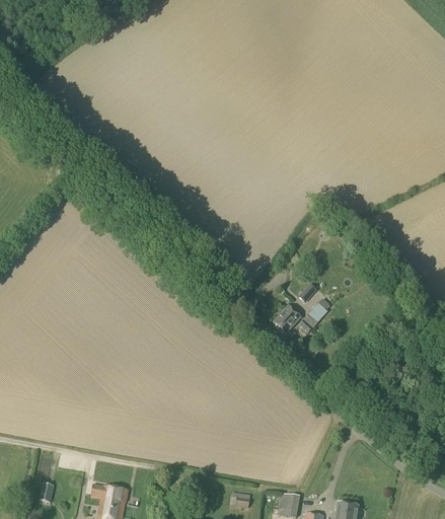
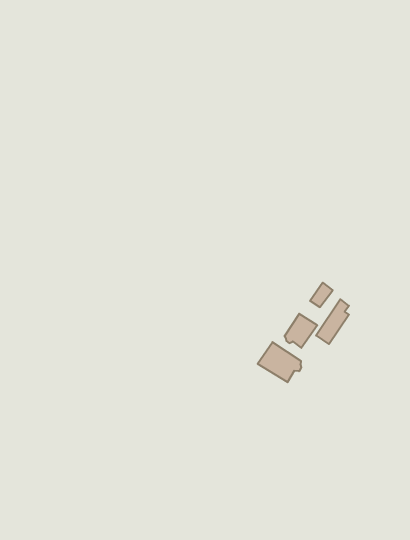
building: none -> [258,342,301,382]

